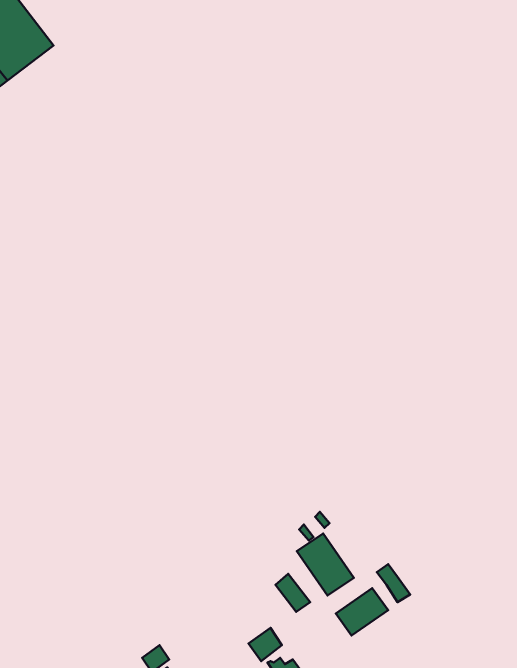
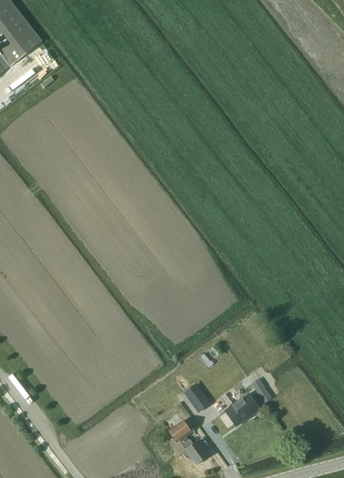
building: [297,533,354,595] -> none

